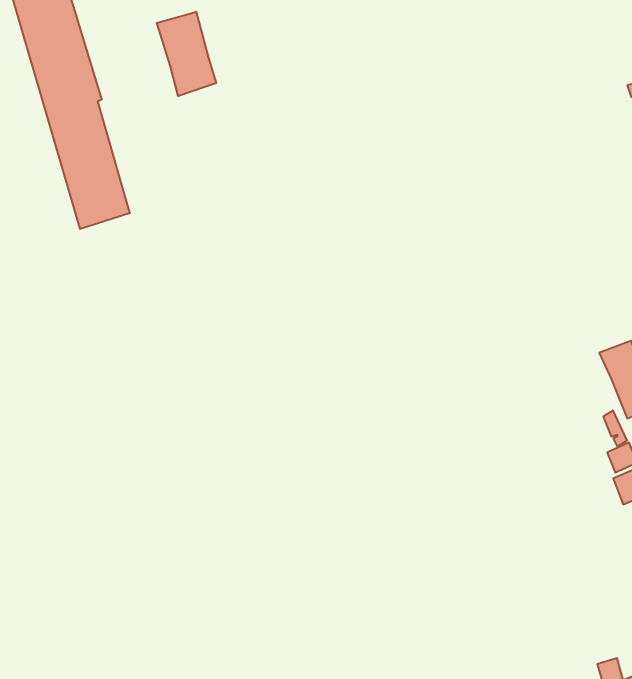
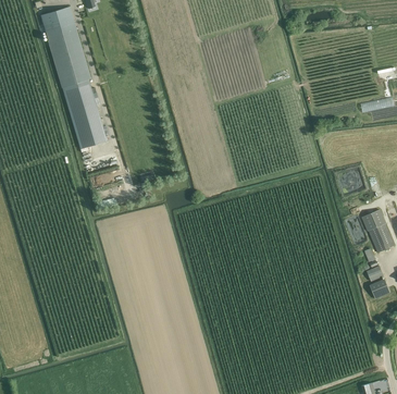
building: [157,12,216,96] -> none

